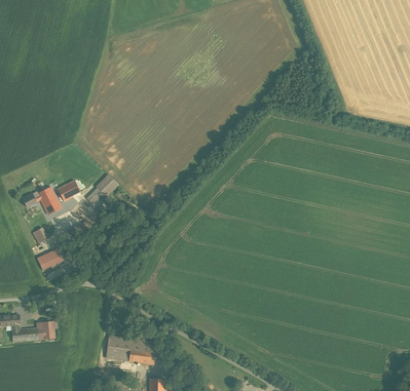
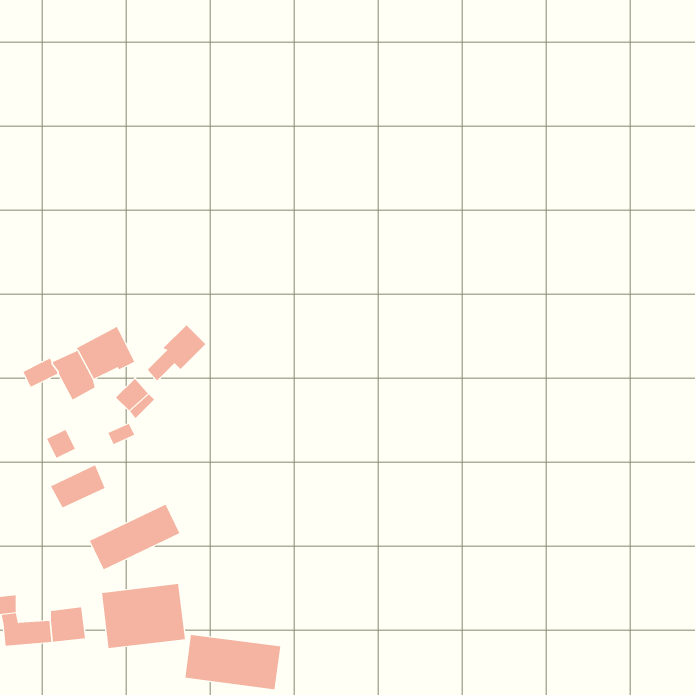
building: none -> [89,504,180,570]
building: none -> [101,583,185,649]

